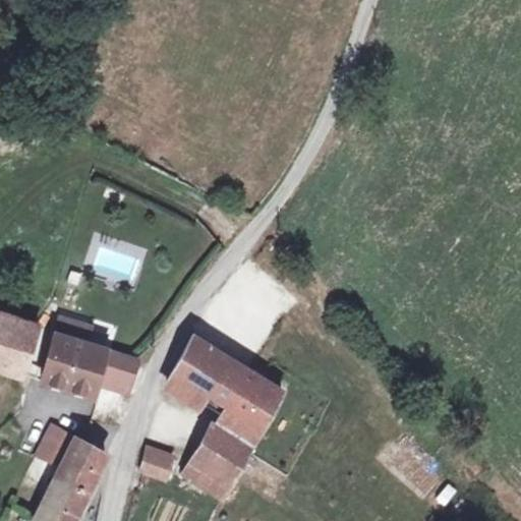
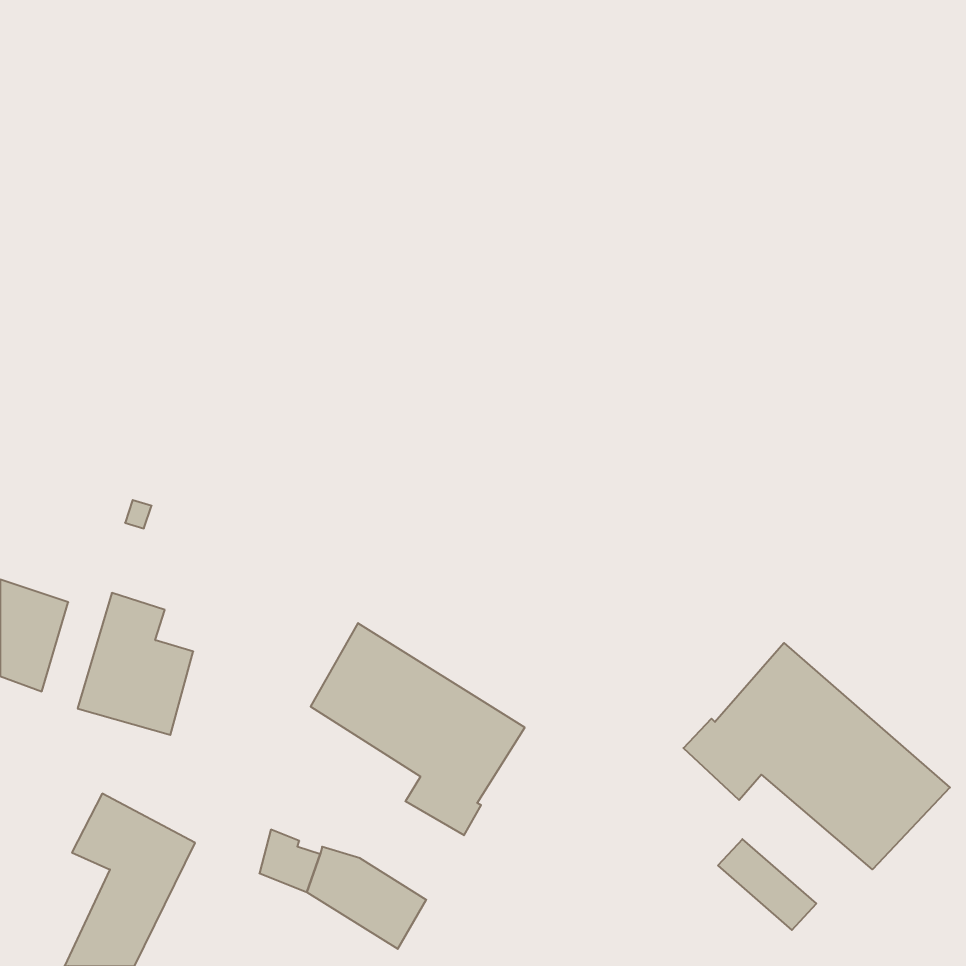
building: none -> [683,643,950,869]
building: [103,352,138,391] -> none
building: [194,426,250,483] -> none

